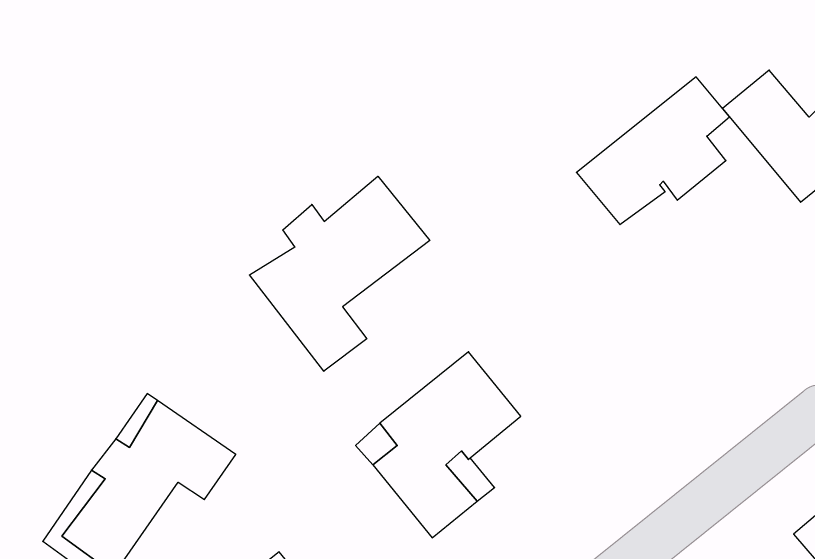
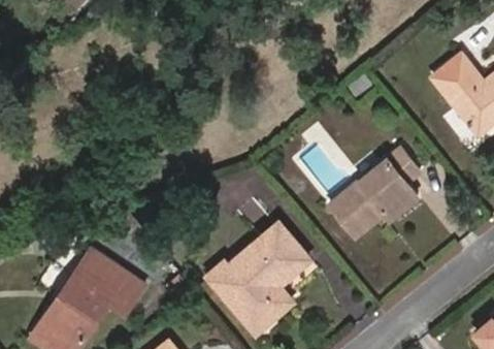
building: [576,77,729,225] -> [327,147,418,234]
building: [249,176,430,371] -> none

